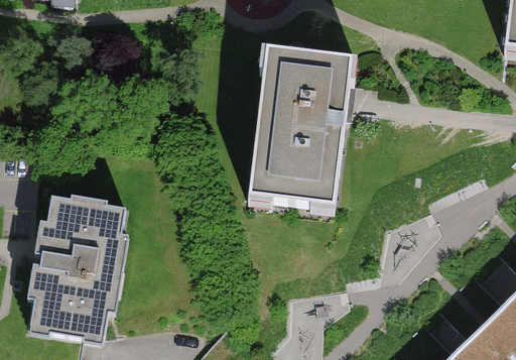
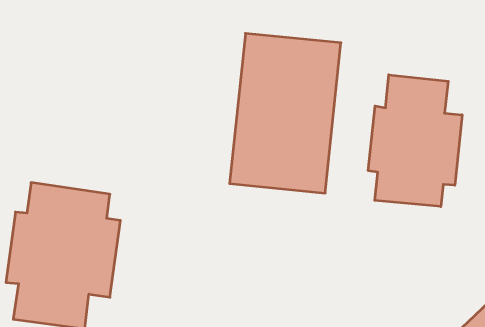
building: none -> [368,75,462,207]

